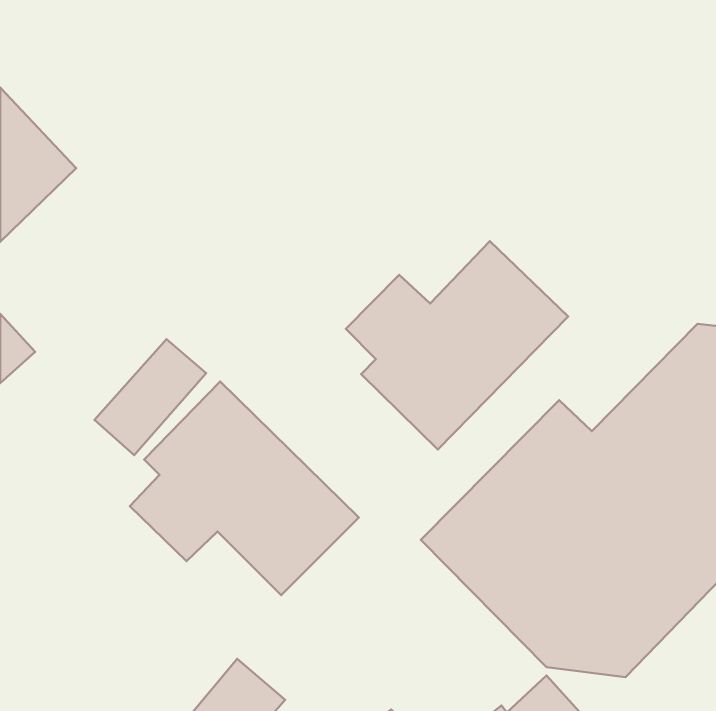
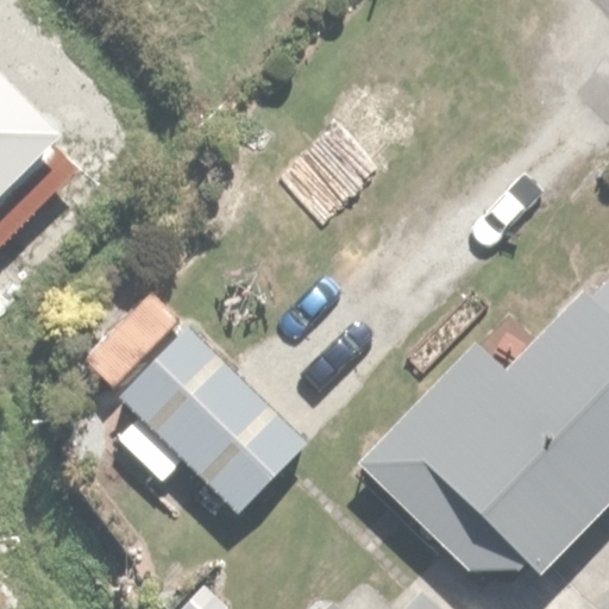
building: [346,241,568,449] -> none

